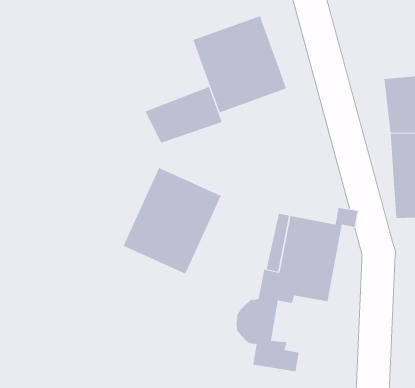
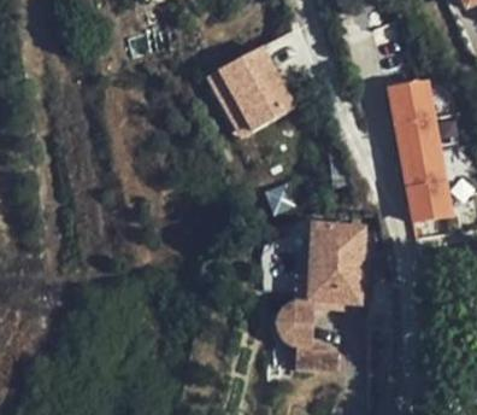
building: [145,86,222,143] -> none
building: [123,167,222,274] -> none

